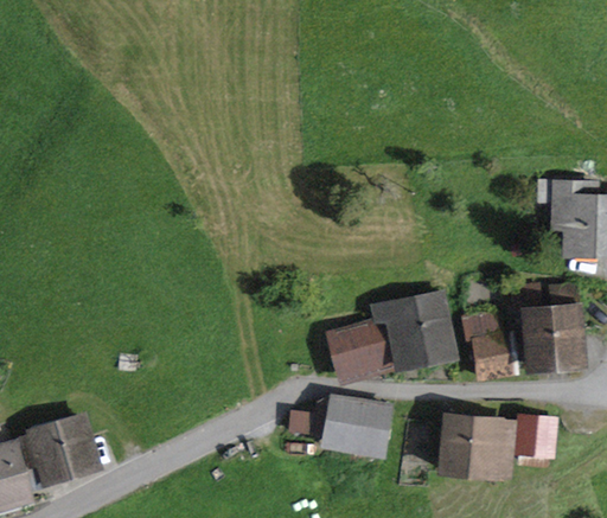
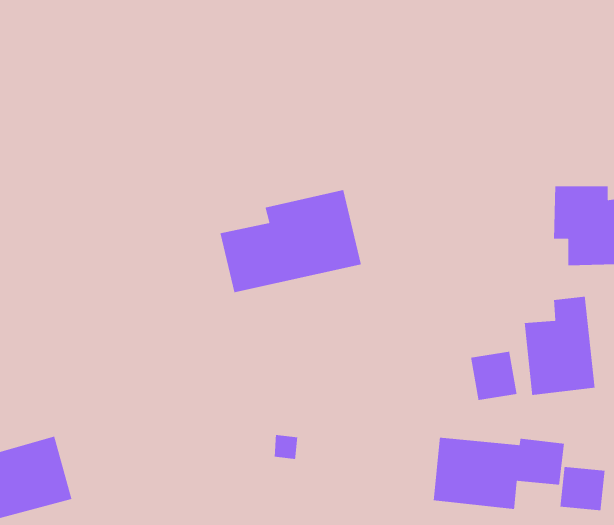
building: [326,289,458,385] -> [220,189,362,293]
building: [320,392,392,458] -> none
building: none -> [559,466,606,511]

